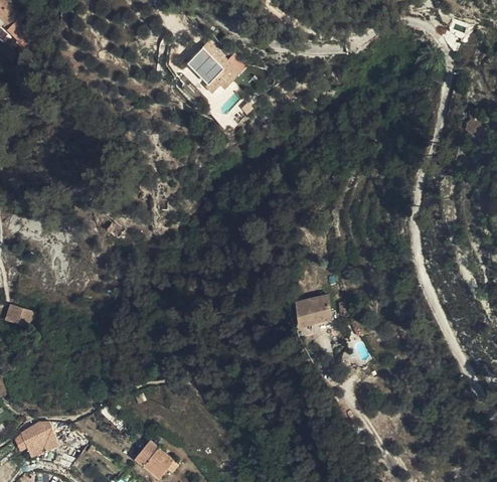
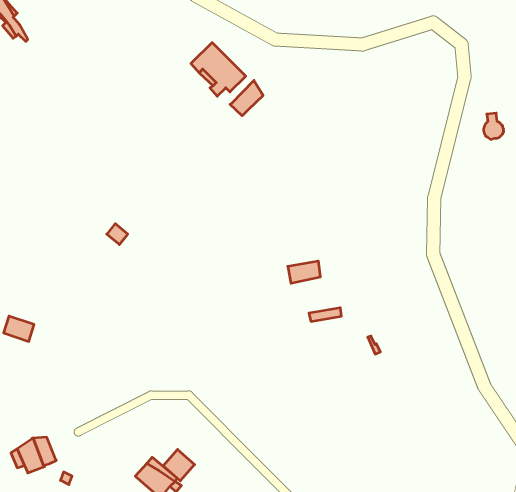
building: none -> [230,80,263,116]
building: [299,304,330,325] -> [288,261,320,283]
building: none -> [163,449,195,481]

